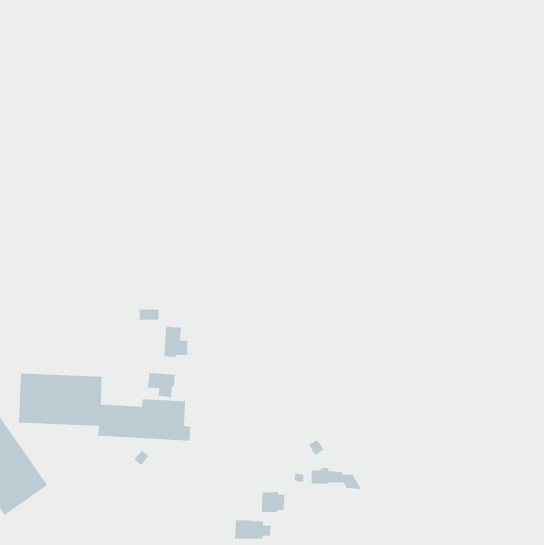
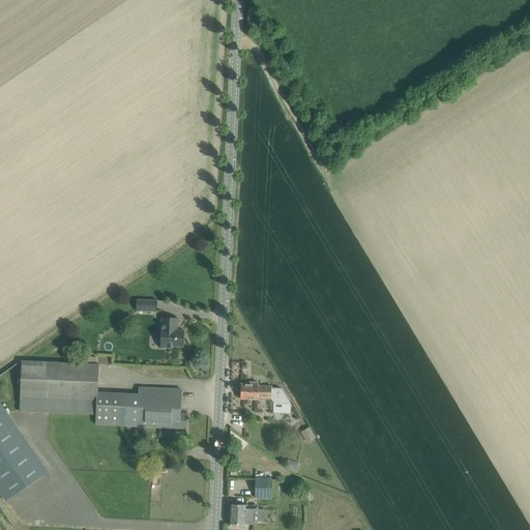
building: [147,372,176,398] -> none
building: [311,467,362,490] -> [239,381,289,403]

